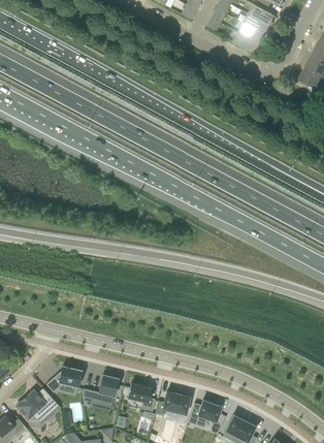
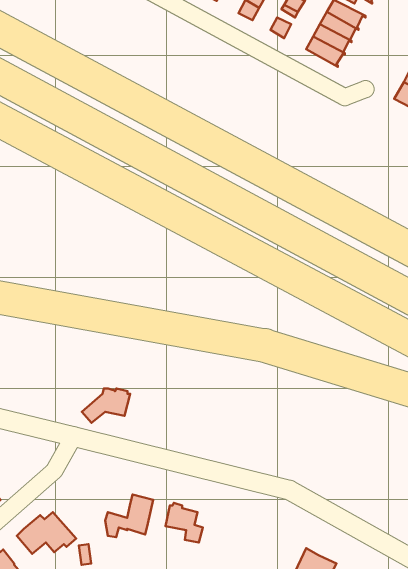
building: [45,367,82,392] -> [82,388,130,423]
building: [155,391,189,415] -> none
building: [188,400,221,425] -> none

